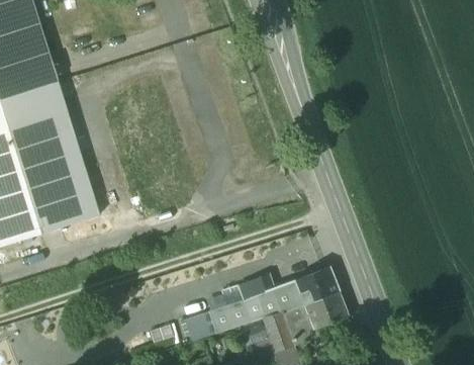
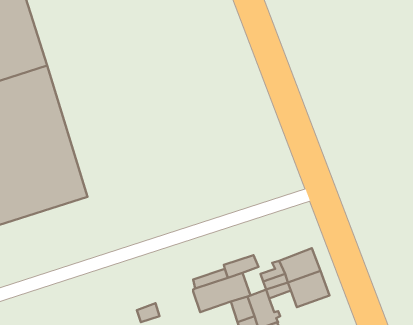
building: [258,282,291,315] -> none
building: [184,311,214,340] -> none

